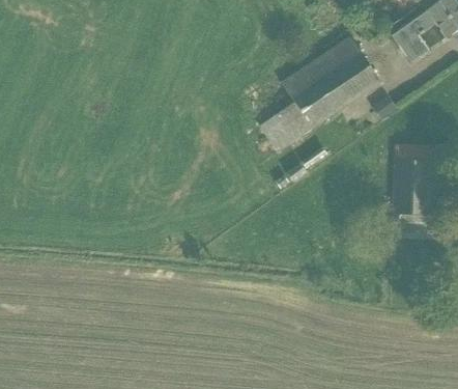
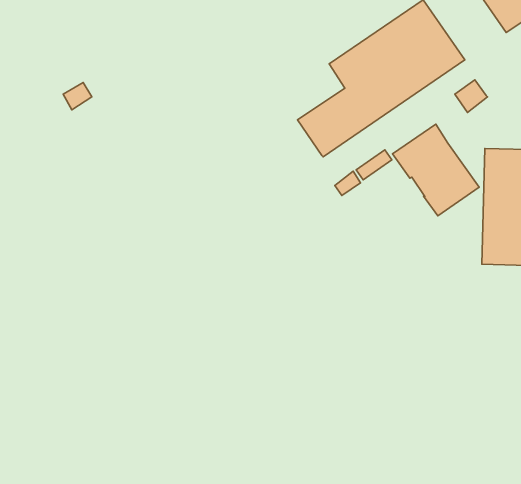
building: none -> [393,124,479,216]

